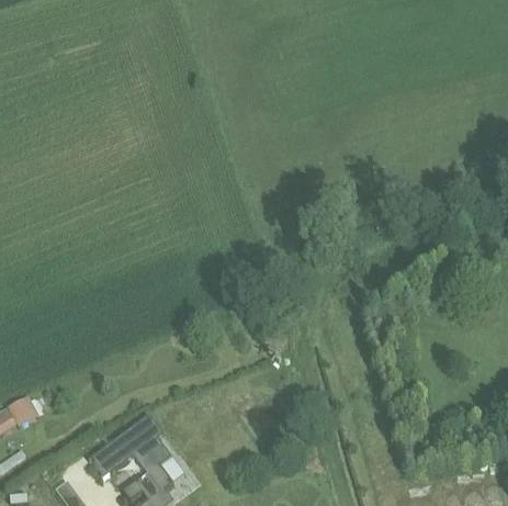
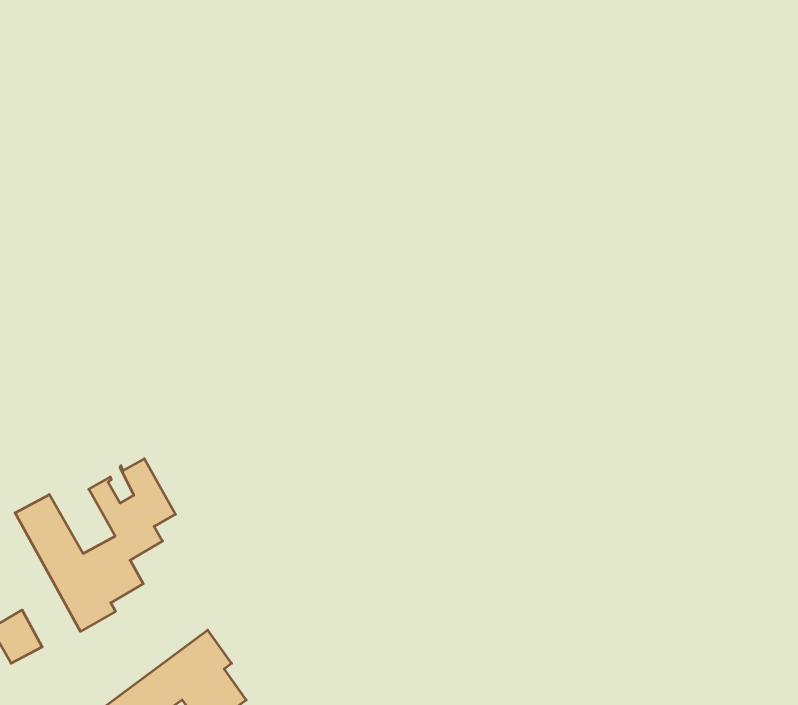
building: none -> [15,459,176,631]

